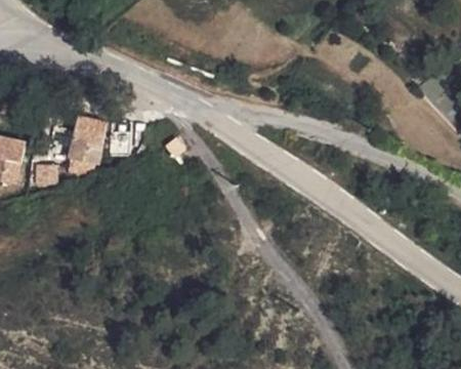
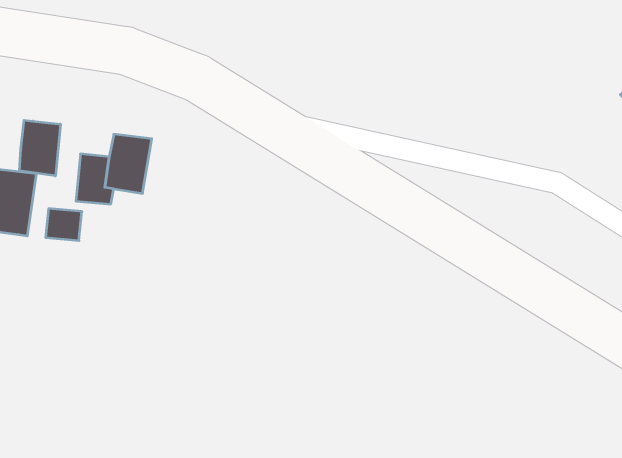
building: none -> [19,120,60,176]

